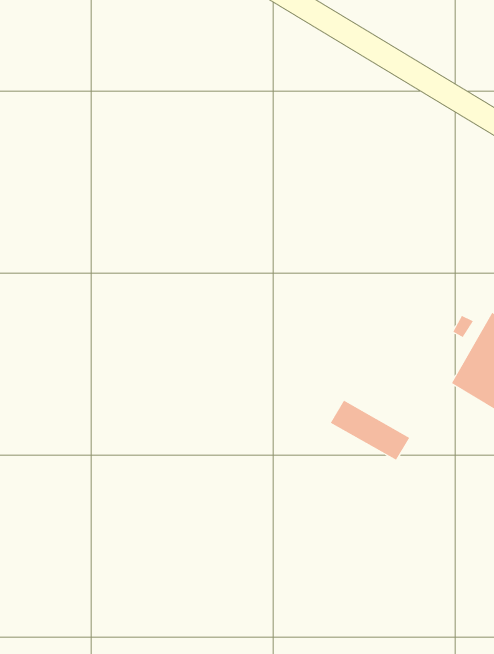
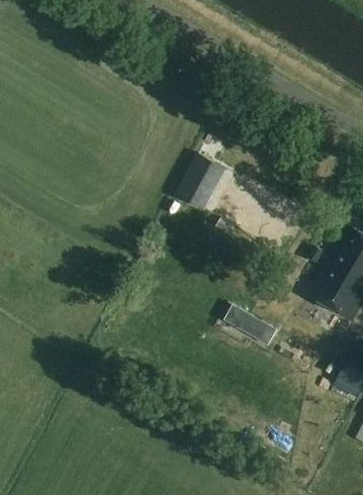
building: none -> [177,153,215,201]

